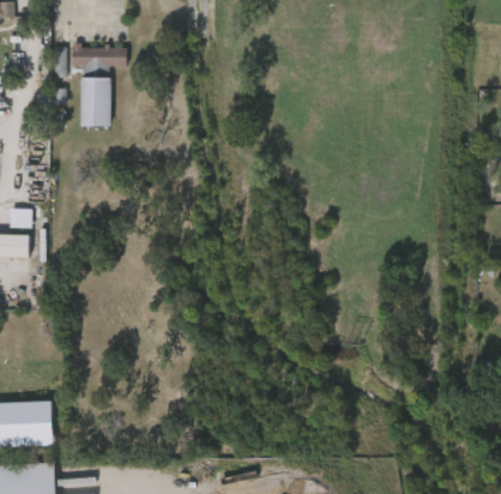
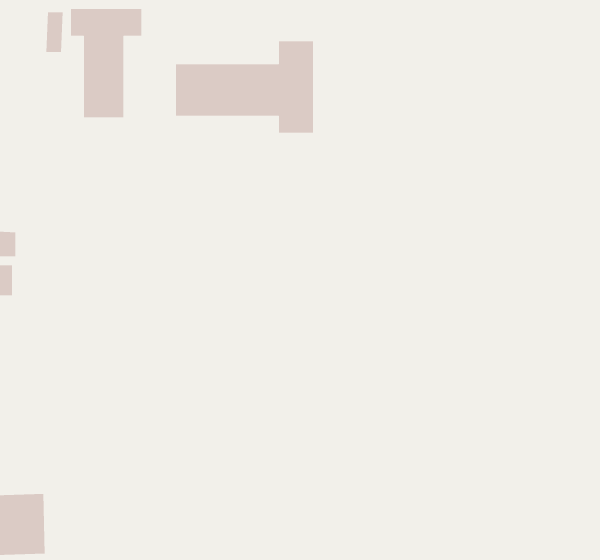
building: none -> [176,40,313,133]

